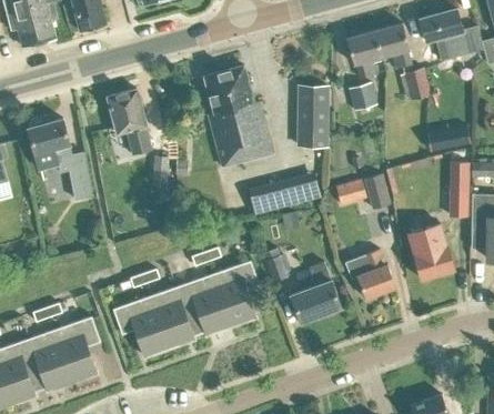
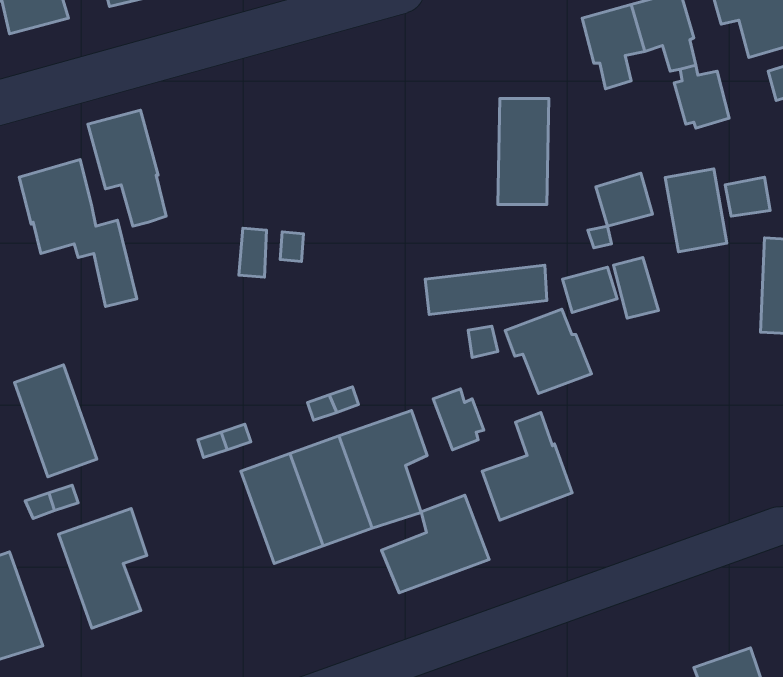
building: [203,65,273,166] -> none
building: [345,82,377,112] -> [596,173,653,226]
building: [107,90,151,155] -> [88,110,166,226]
building: none -> [665,169,727,252]
building: [409,224,454,280] -> none
building: [346,251,395,299] -> [505,309,591,393]
building: [112,295,172,357] -> none
building: none -> [381,495,489,593]
building: [22,331,69,394] -> [15,365,97,477]

